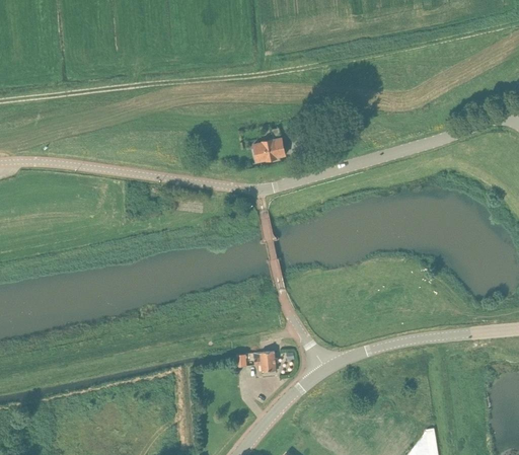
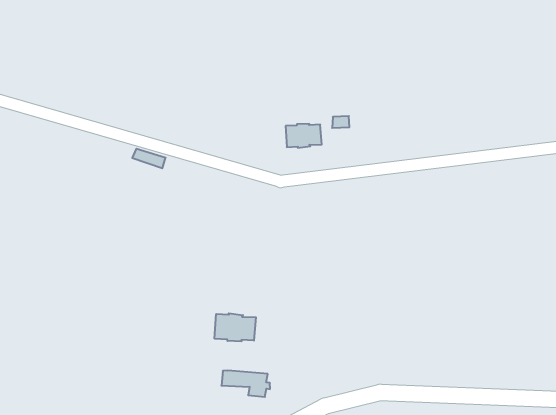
building: none -> [215,313,256,341]

